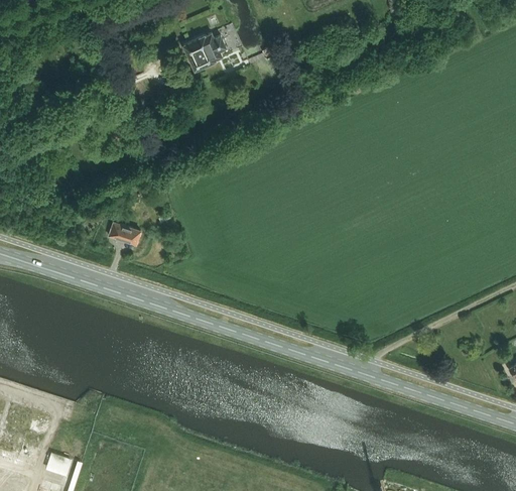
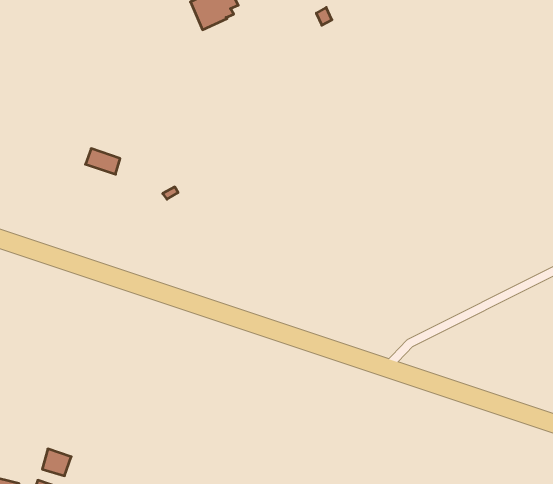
building: [107,224,138,247] -> [85,149,120,174]

